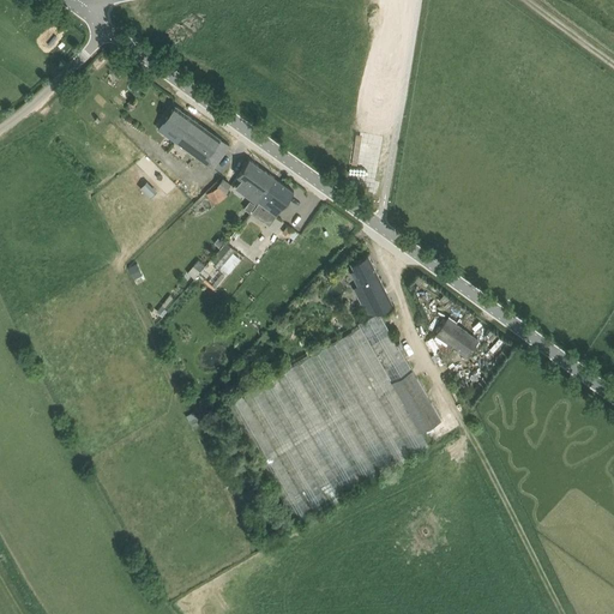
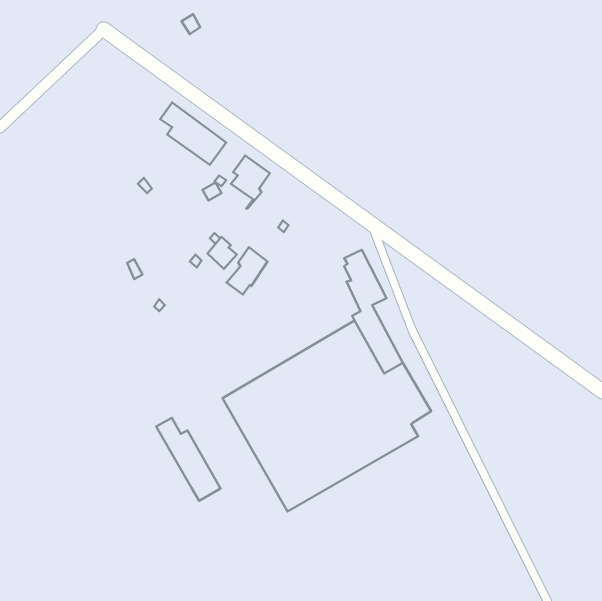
building: [252,177,294,225] -> [226,247,268,294]
building: [431,318,478,356] -> none
building: none -> [156,418,220,501]

